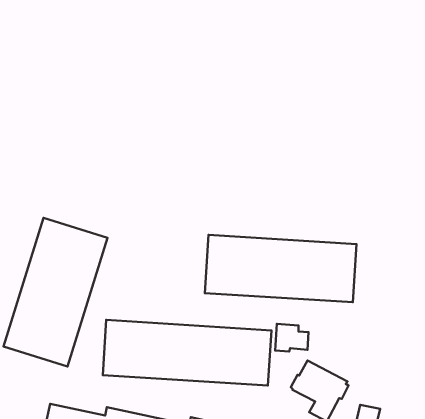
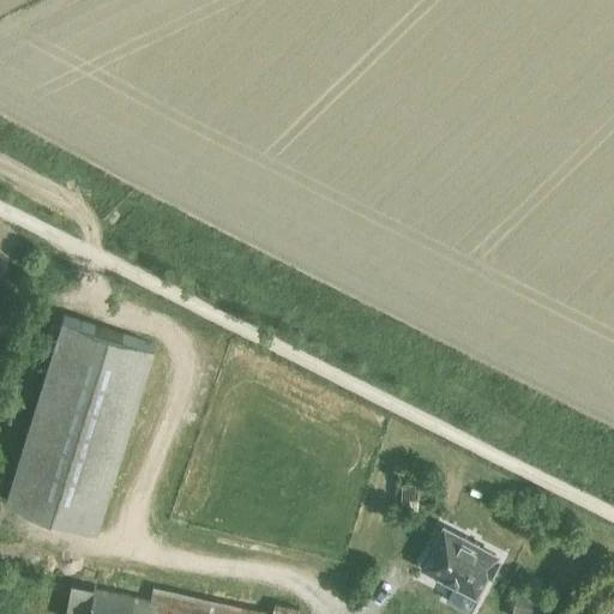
building: [205,235,356,302] -> none
building: [103,320,271,386] -> none

